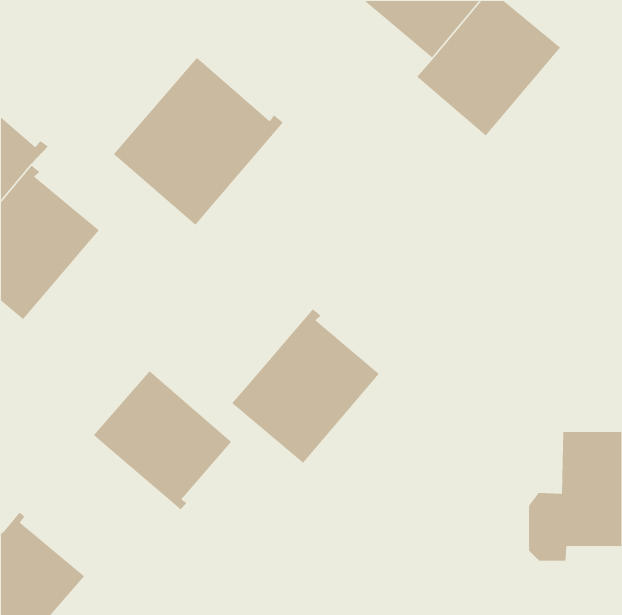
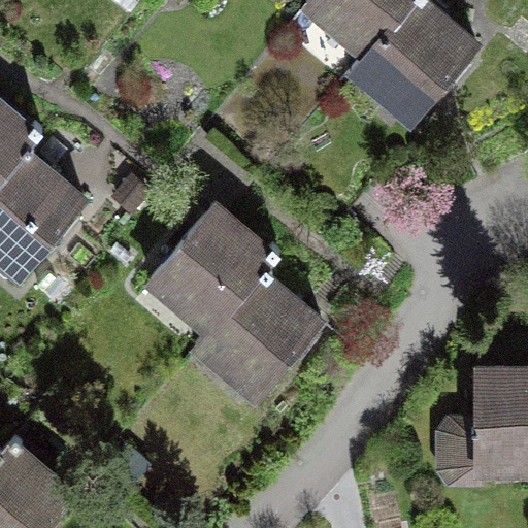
building: [113,57,284,226] -> none
building: none -> [151,206,278,332]
building: [93,370,232,511] -> none

